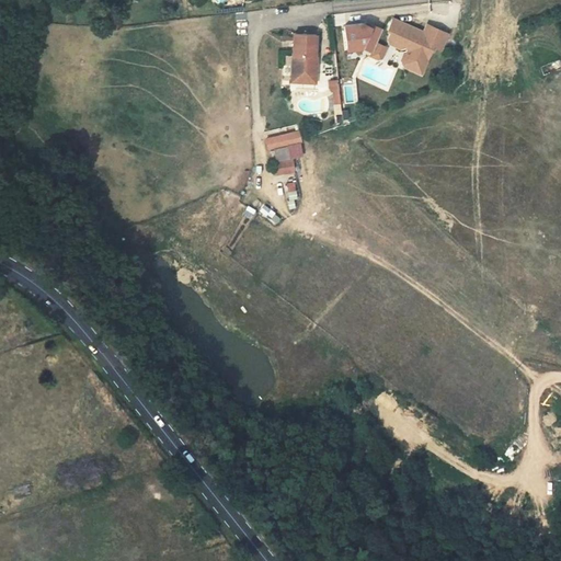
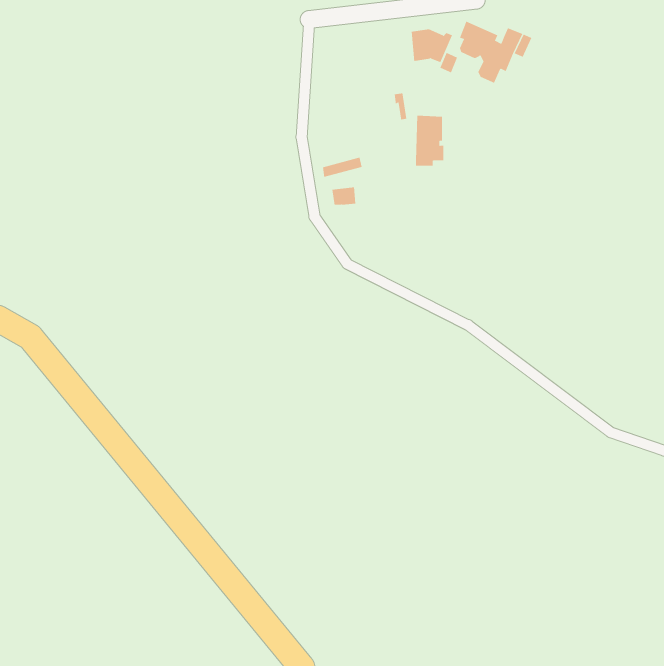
building: [293,37,317,80] -> [415,115,444,166]

